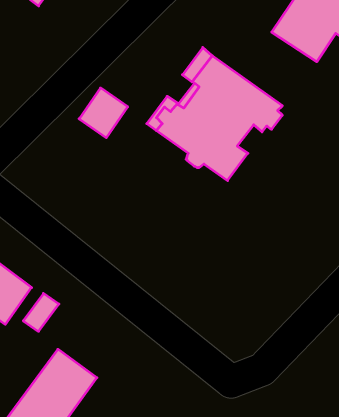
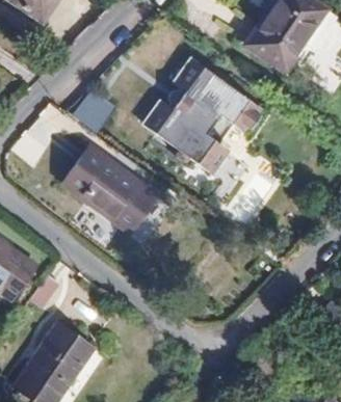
building: none -> [60,146,156,234]

